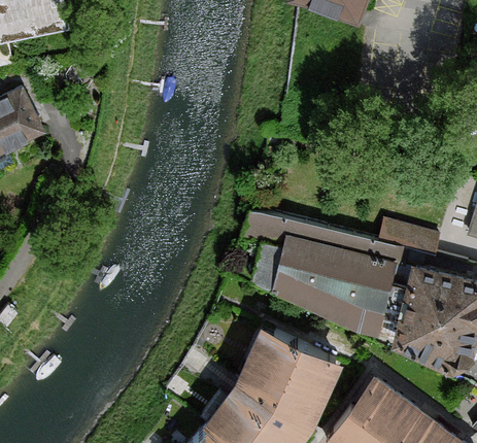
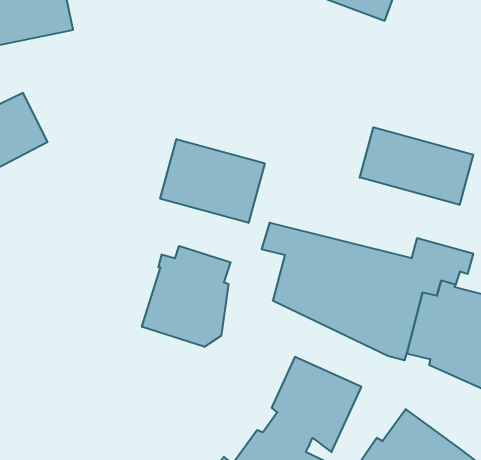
building: none -> [360,127,473,205]
building: none -> [160,139,265,223]
building: none -> [142,246,231,347]

